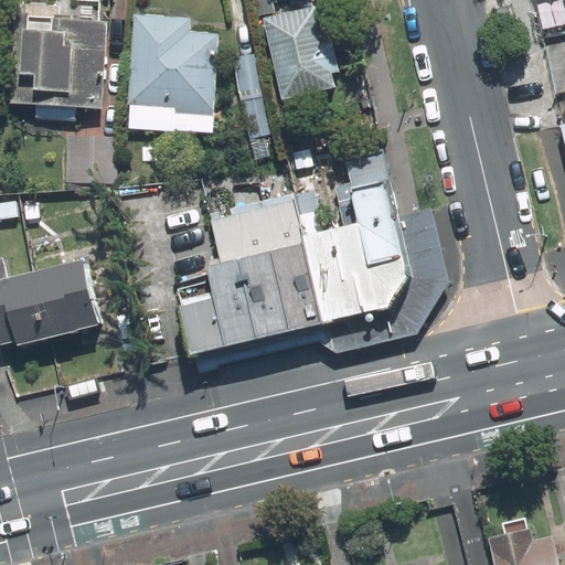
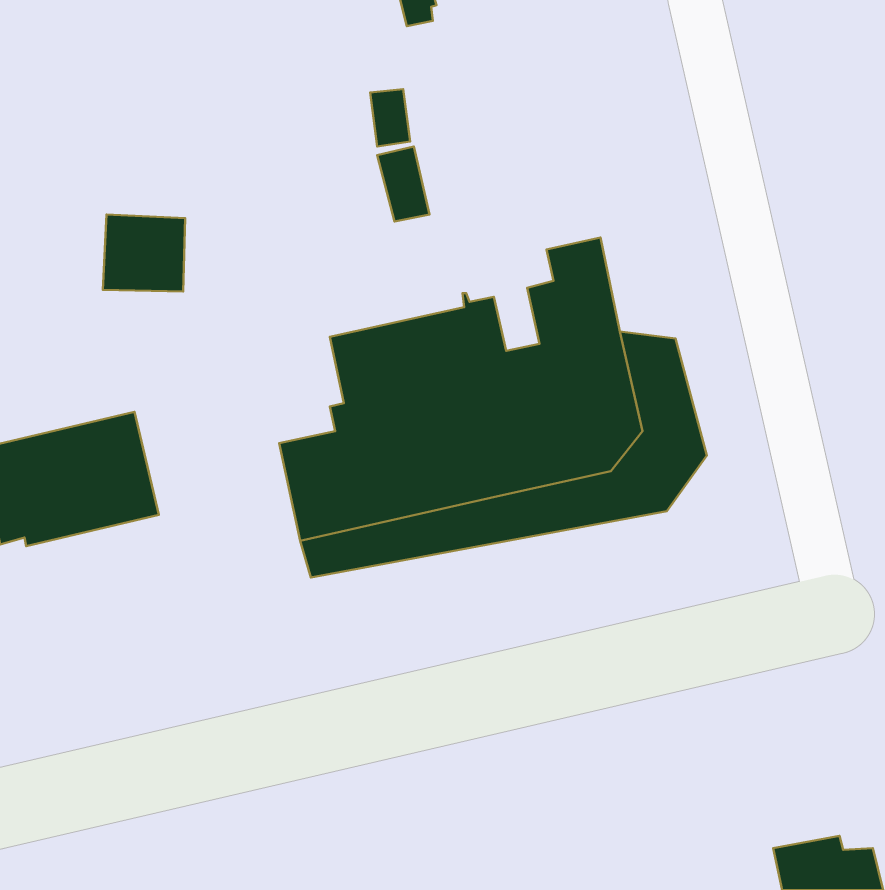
building: [262,7,335,102] -> none
building: [10,14,107,110] -> none
building: [127,15,220,117] -> none

